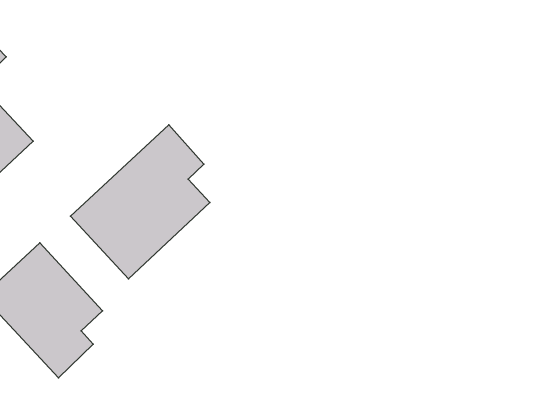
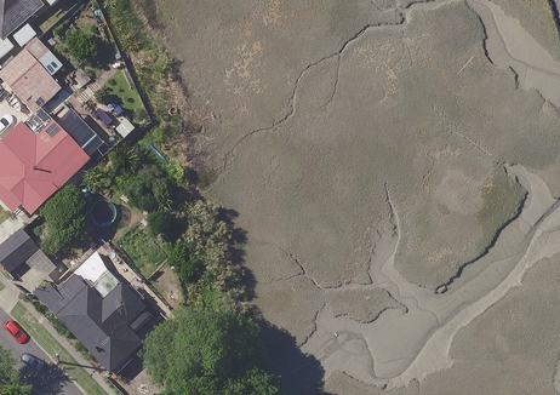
building: [70,125,210,279] -> none

